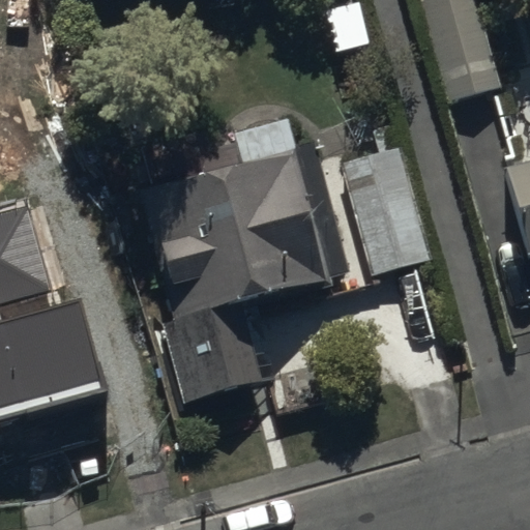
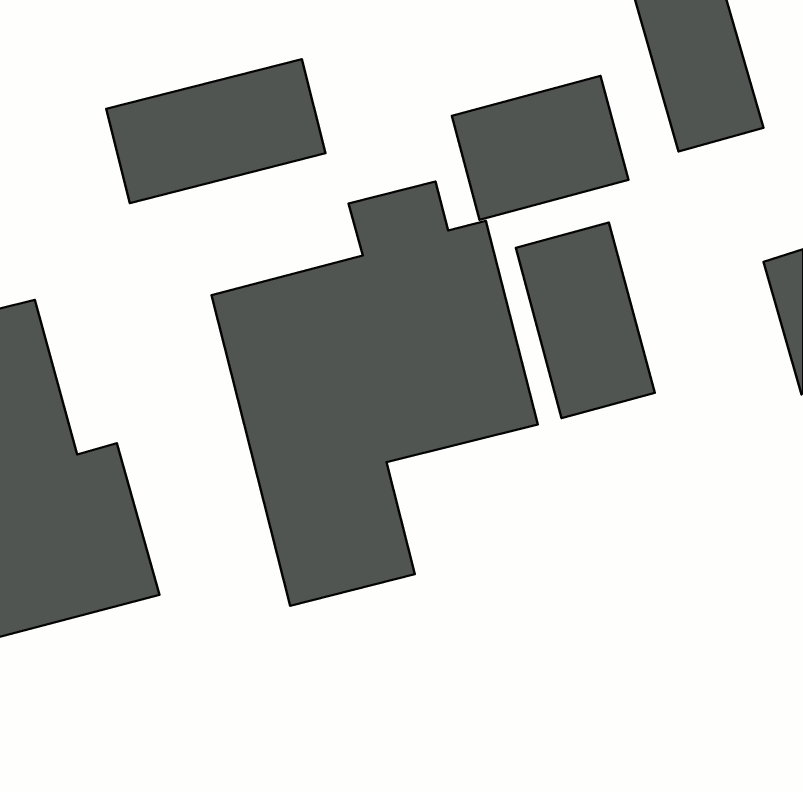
building: none -> [106,59,326,203]
building: none -> [452,76,628,220]

